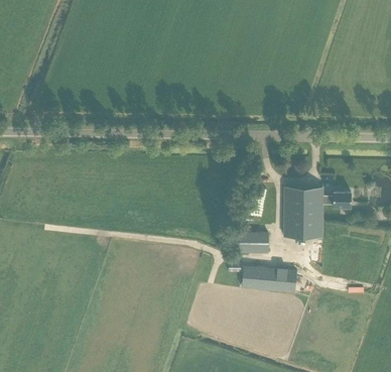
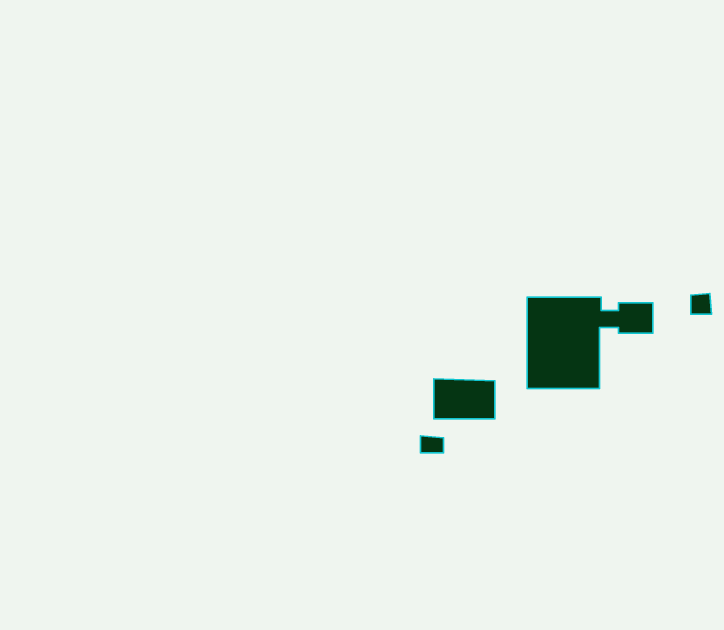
building: [242,267,296,292] -> none

